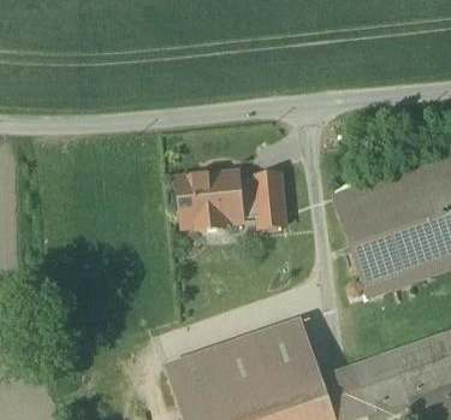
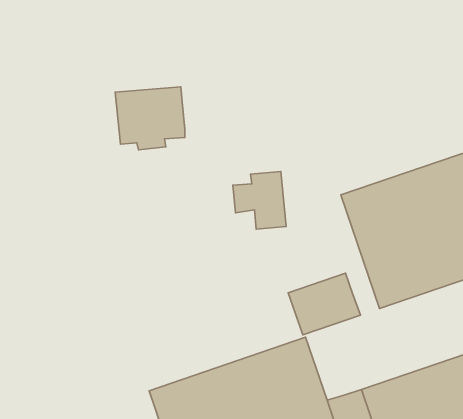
building: [179,172,241,227] -> [115,87,185,150]
building: none -> [288,273,360,335]

